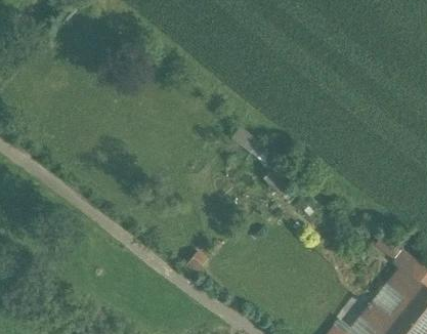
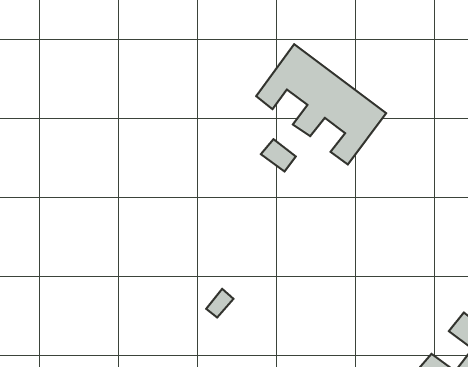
building: none -> [256,44,386,164]

